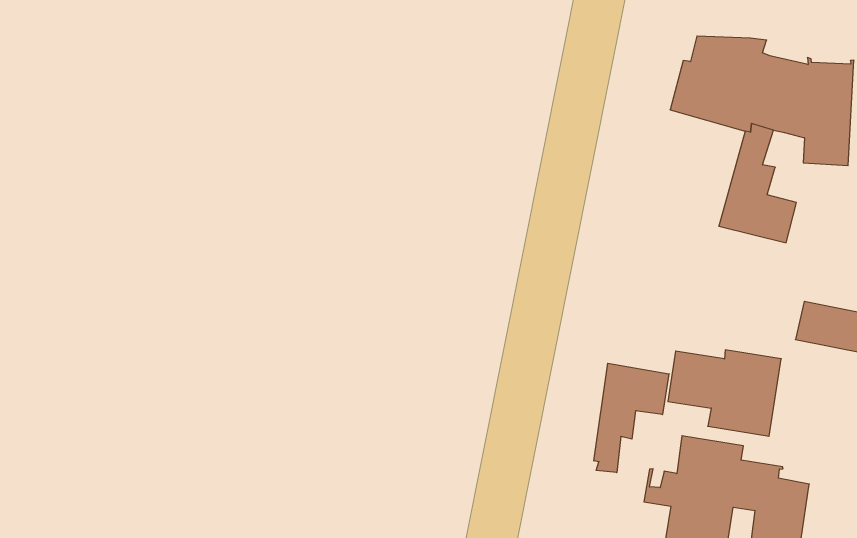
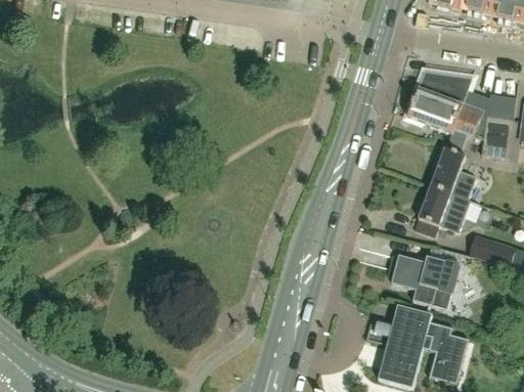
building: none -> [414,184,472,235]
building: [594,363,669,473] -> none

